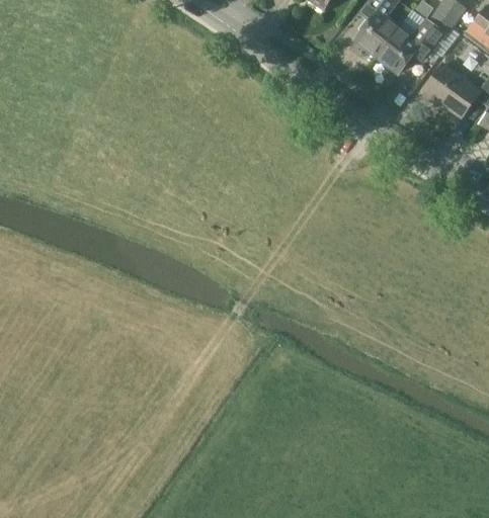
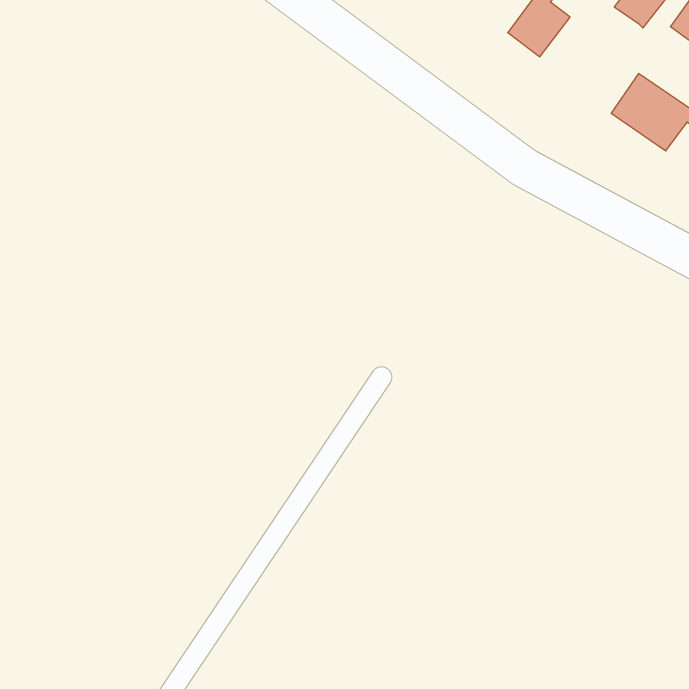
building: [377,20,445,70] -> none

